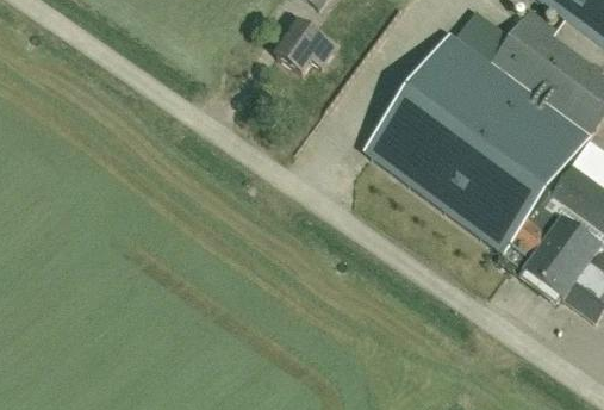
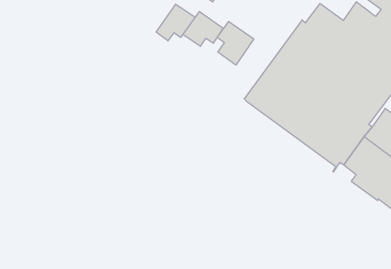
building: none -> [156,4,195,41]
building: none -> [217,21,254,65]

